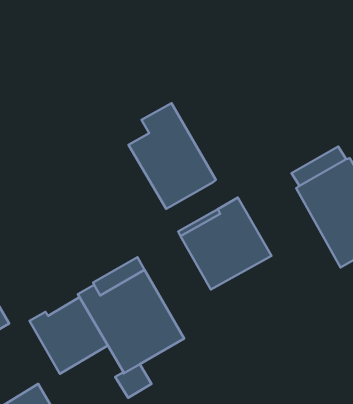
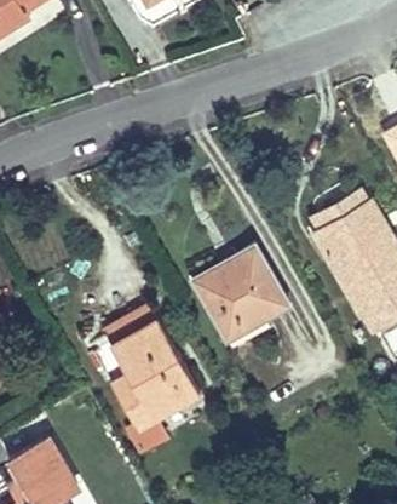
building: [128,103,216,209] -> none
building: [30,297,108,374] -> none

